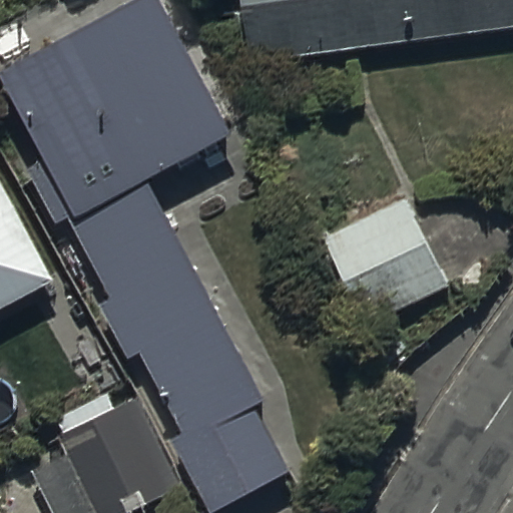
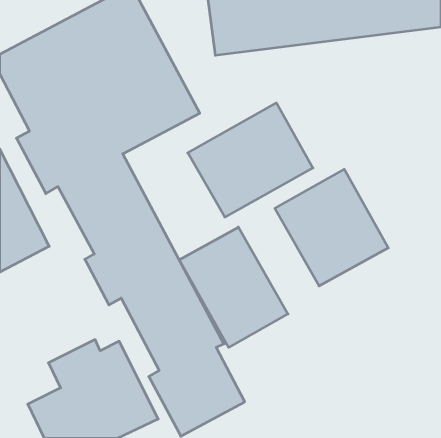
building: none -> [188,103,313,217]
building: none -> [179,227,288,347]

